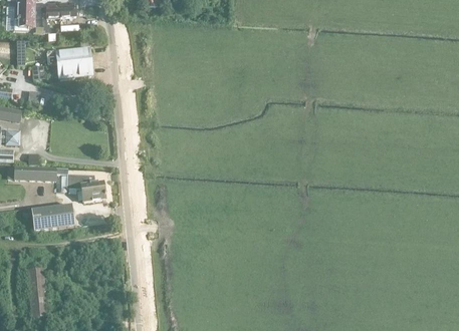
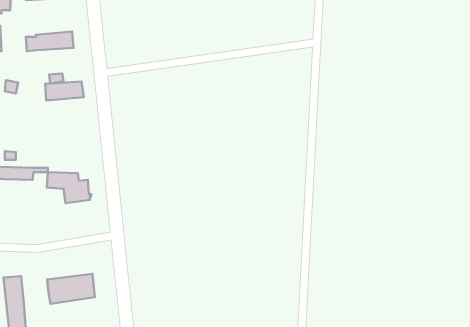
building: [56,61,91,78] -> [45,82,84,100]
building: [30,205,73,232] -> [47,274,95,304]

